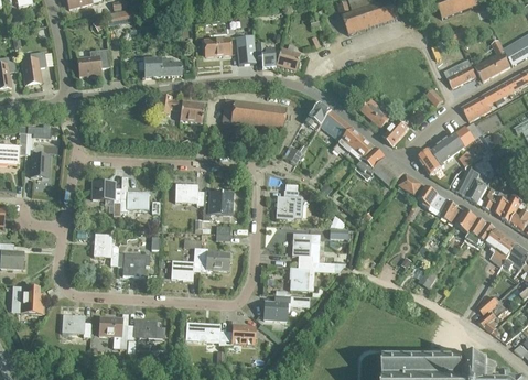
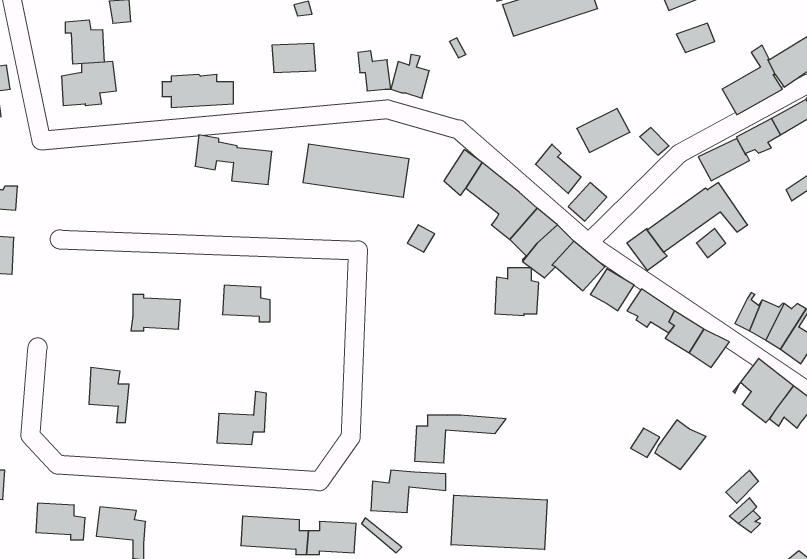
building: none -> [66,20,104,64]
building: [236,35,255,64] -> none
building: [445,61,477,87] -> [577,108,630,152]
building: [455,167,491,203] -> none
building: [91,181,120,215] -> none
building: [276,189,302,218] -> [495,268,539,316]
building: [202,192,231,219] -> none
building: [466,217,497,247] -> [655,420,706,469]
building: [292,232,319,261] -> none
building: [200,248,229,271] -> none
building: [116,251,149,275] -> none
building: none -> [451,495,547,550]
building: [127,318,164,339] -> none

